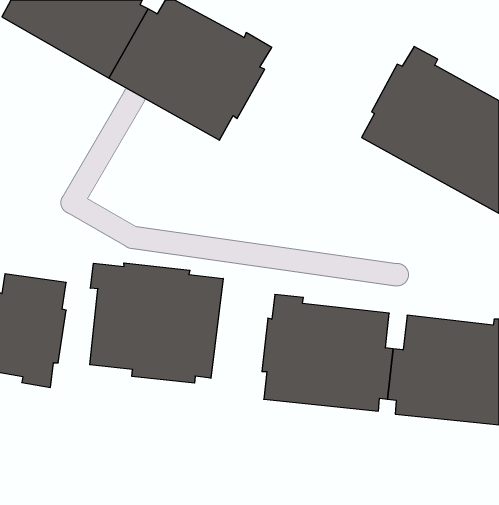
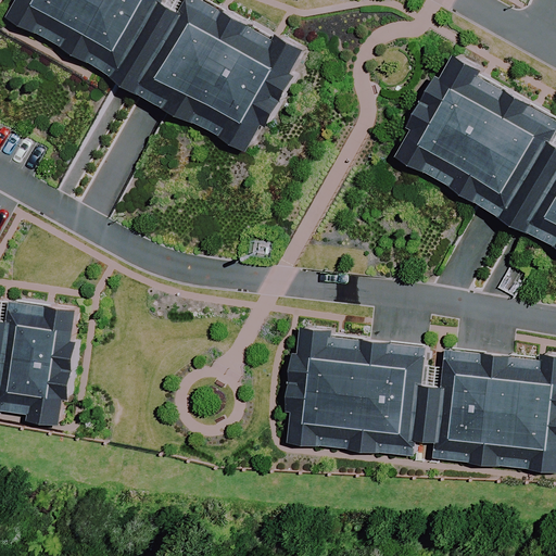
building: [90,263,223,383] -> none

